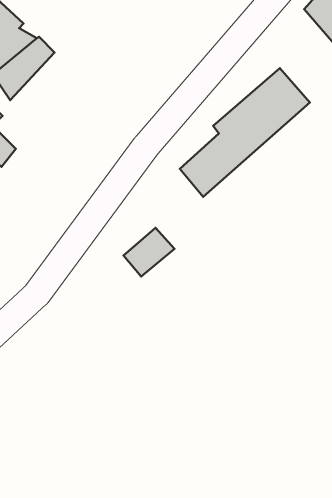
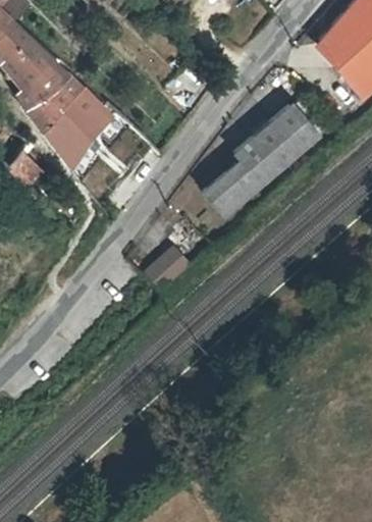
building: none -> [44,87,130,169]

